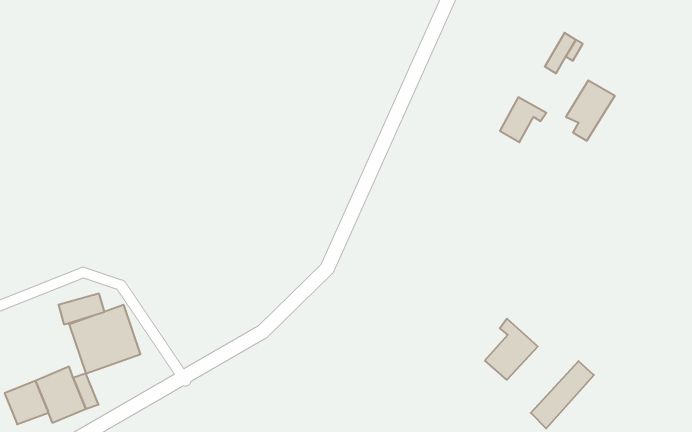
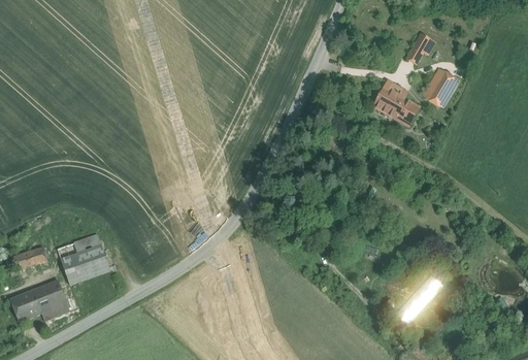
building: none -> [388,95,419,125]
building: [58,294,105,324] -> [12,247,46,269]
building: [485,319,538,380] -> none

